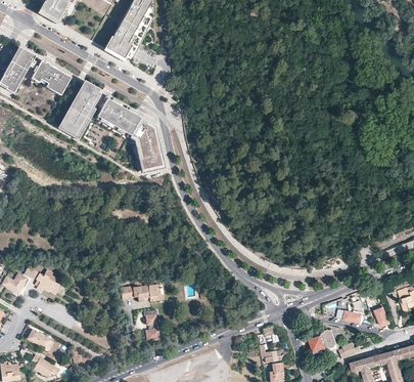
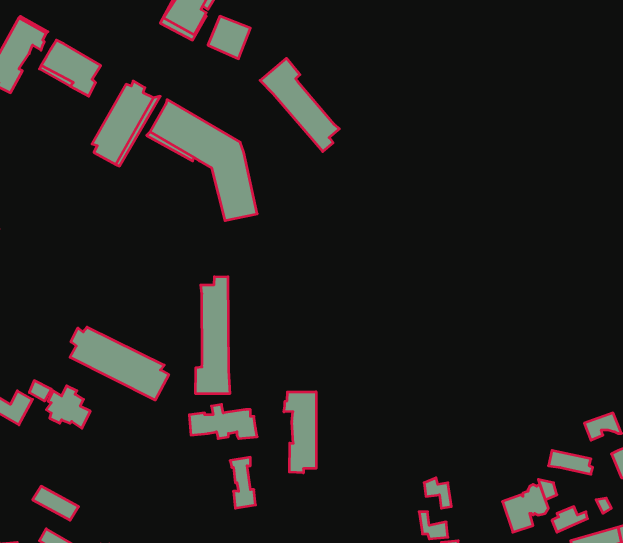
building: none -> [260,58,339,152]
building: none -> [196,277,230,394]
building: none -> [70,327,169,400]
building: none -> [284,392,316,473]

